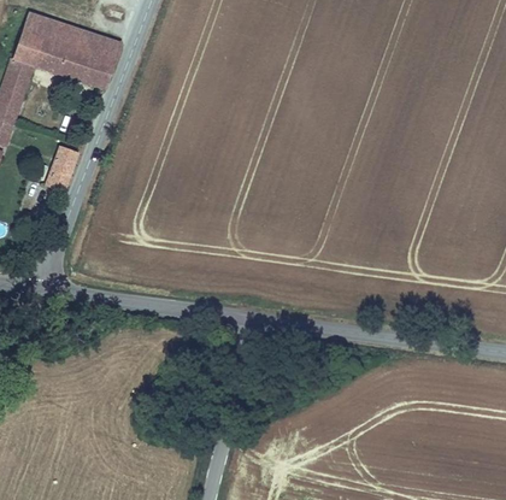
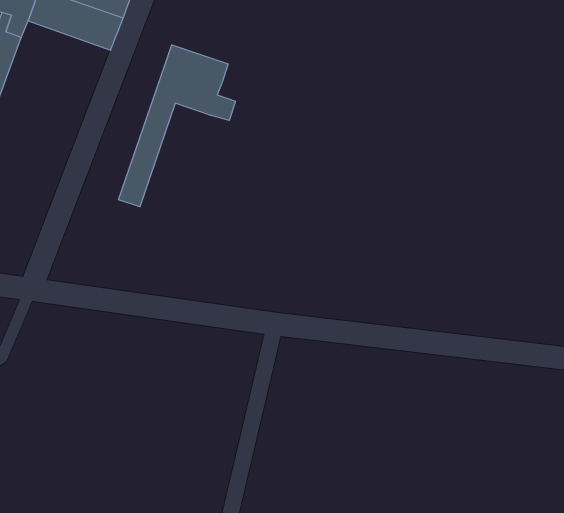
building: none -> [118,45,235,207]
building: [46,147,77,193] -> none

